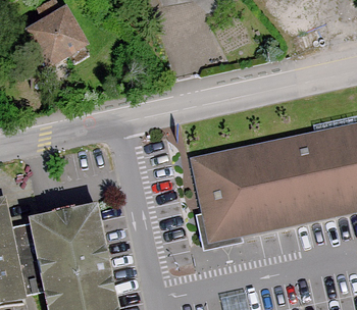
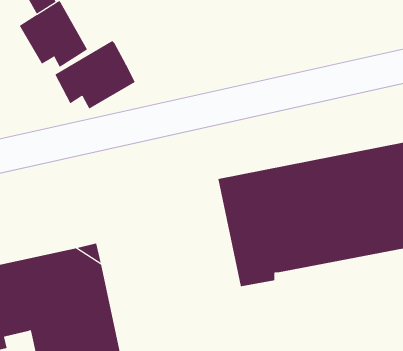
building: none -> [55,40,136,109]

